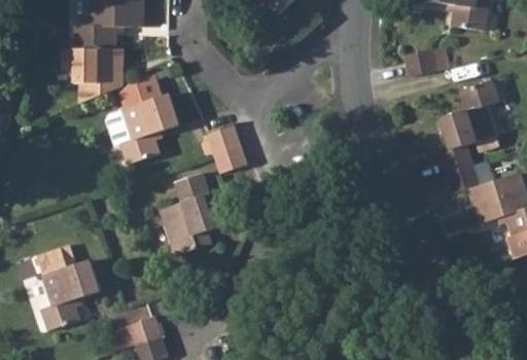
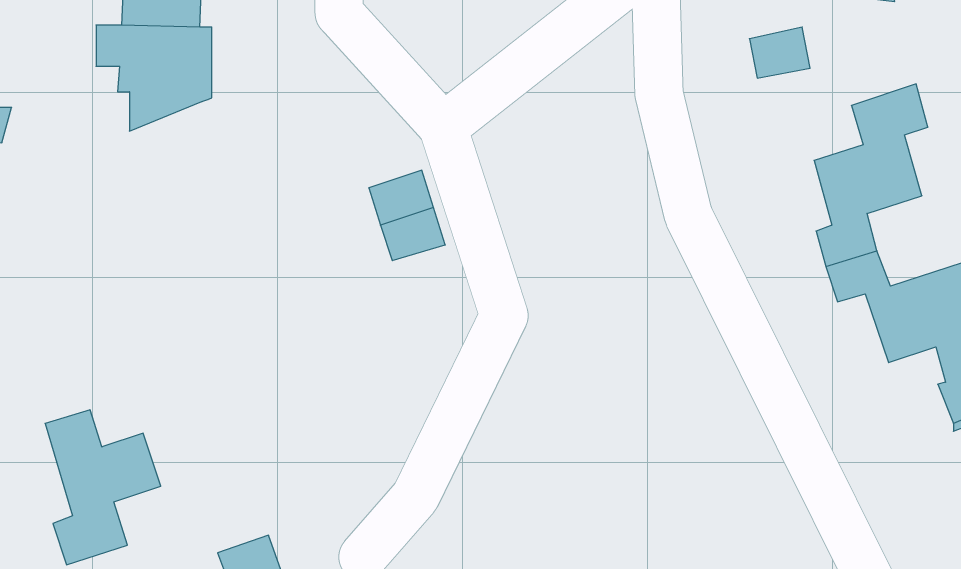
building: [114,73,181,161] -> none
building: [159,171,224,255] -> none

